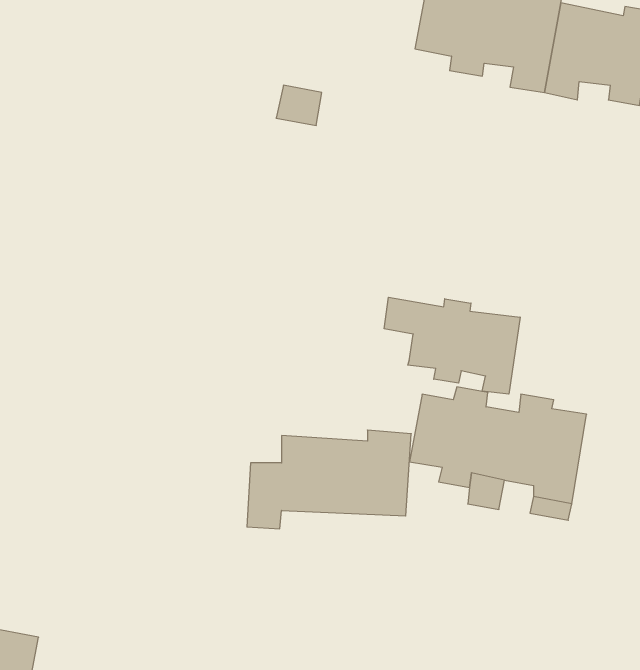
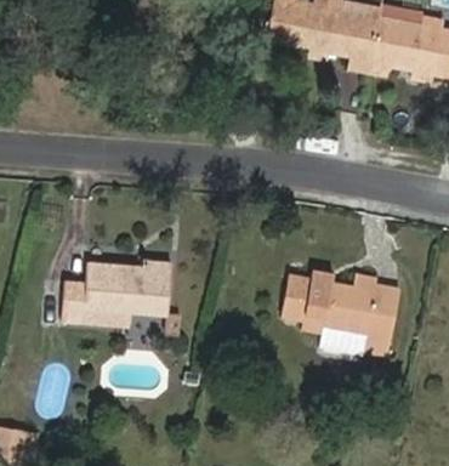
building: [384,297,520,394] -> none
building: [247,430,411,529] -> [59,258,169,324]

